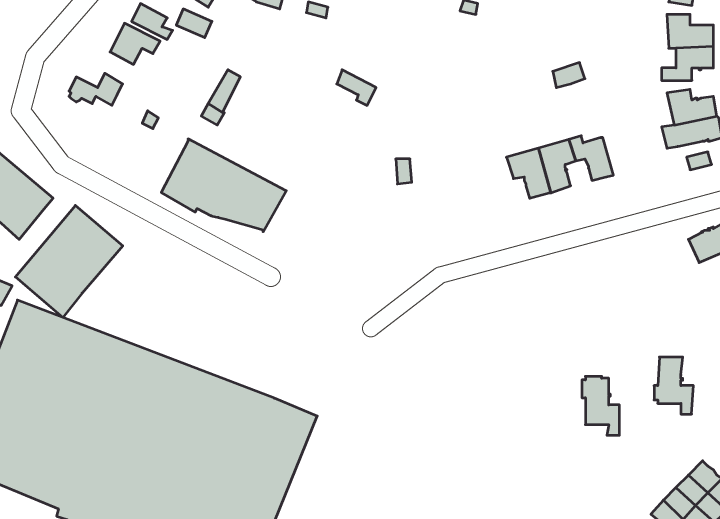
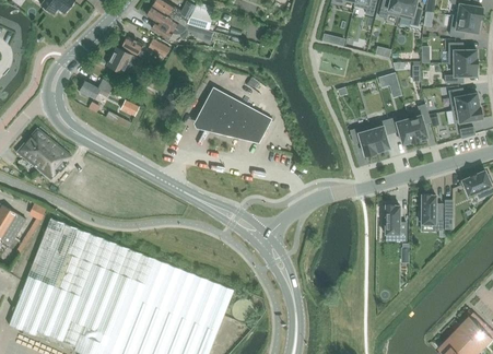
building: none -> [407,105,430,142]
building: [161,139,286,232] -> [196,87,272,144]
building: [15,205,123,317] -> none
building: [654,357,693,414] -> [419,196,443,231]
building: [582,376,619,435] -> [383,205,406,241]

